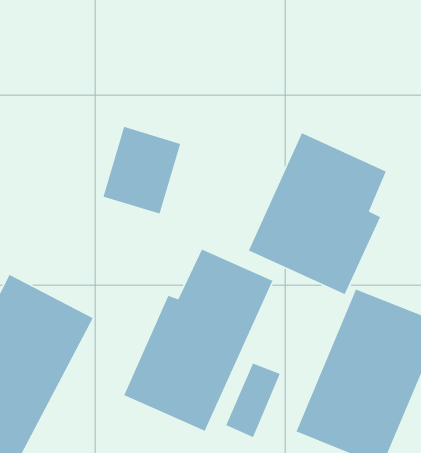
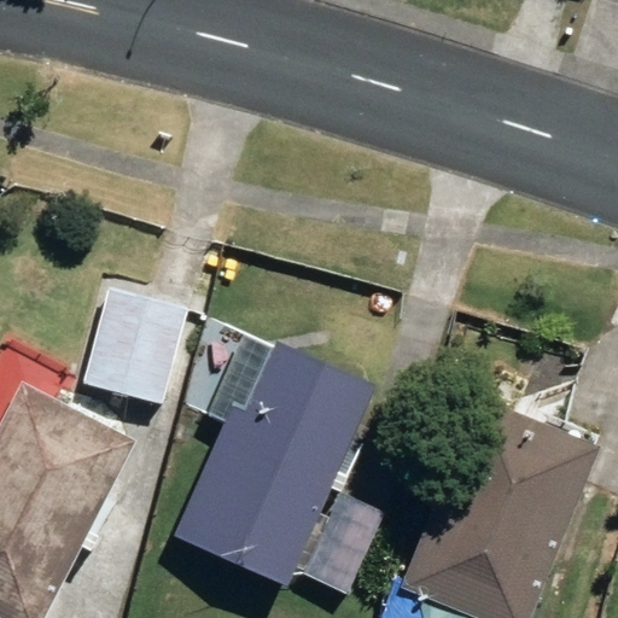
building: [103,126,181,215] -> [81,287,185,404]
building: [248,132,387,295] -> none

